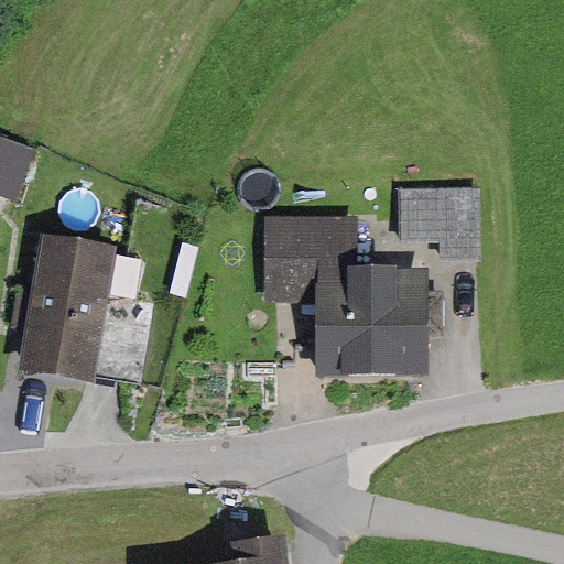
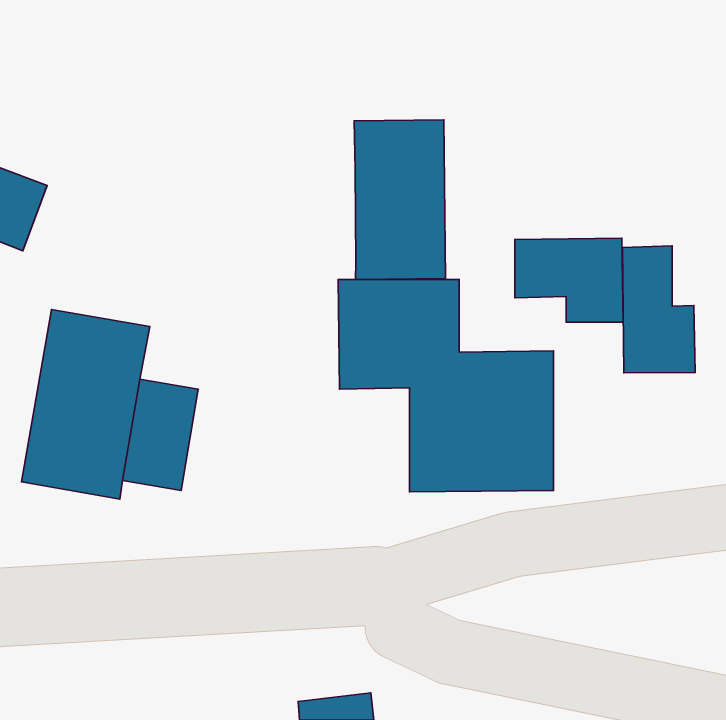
building: none -> [354,120,445,279]
building: none -> [623,246,695,373]

